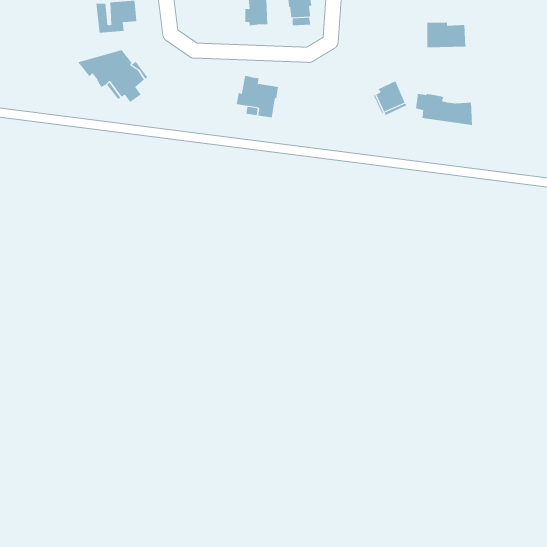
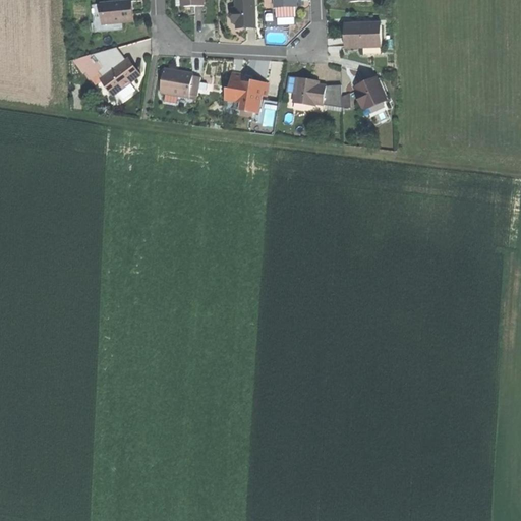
building: [426,22,466,48] -> [344,22,382,47]
building: none -> [160,70,200,96]
building: [415,93,473,126] -> [287,76,342,107]

